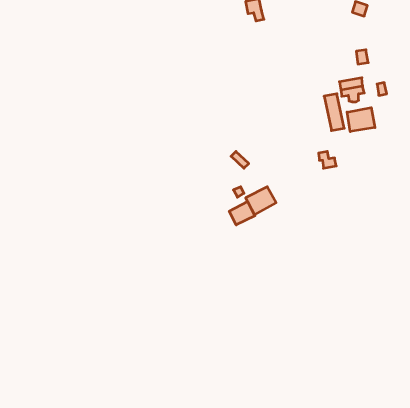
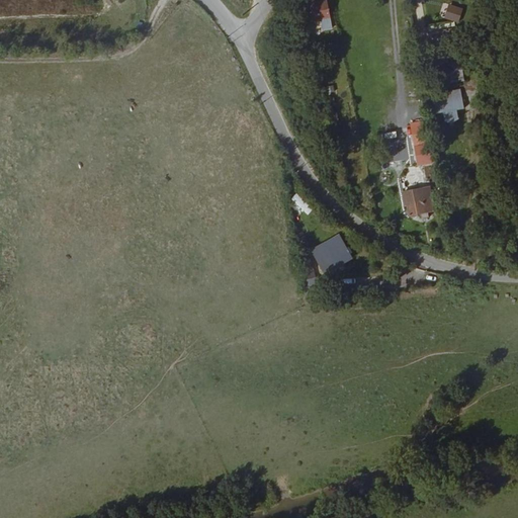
building: [347,108,375,132] -> none
building: [229,202,255,225] -> none

